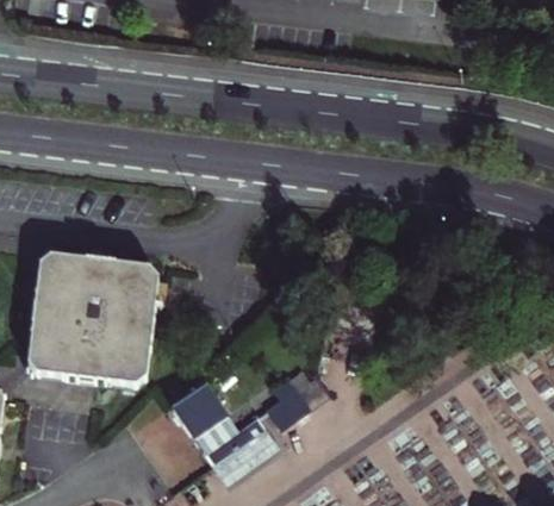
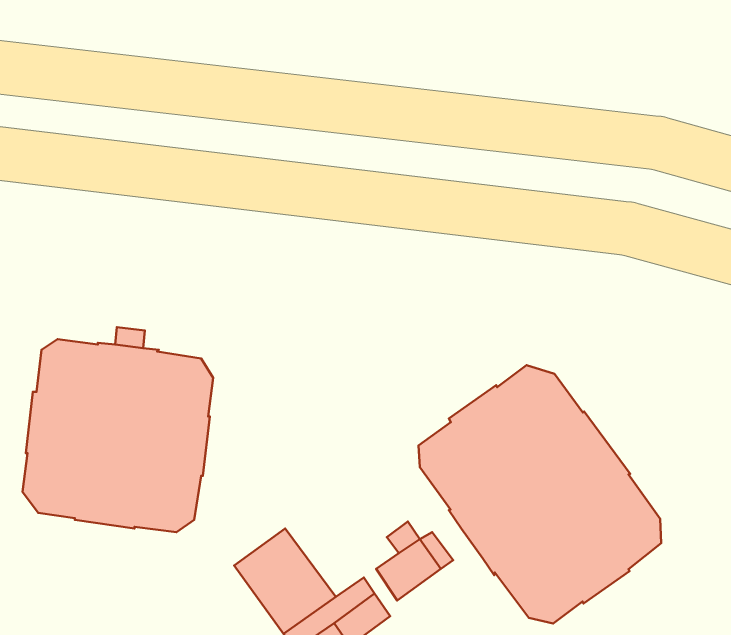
building: none -> [419,365,661,623]

